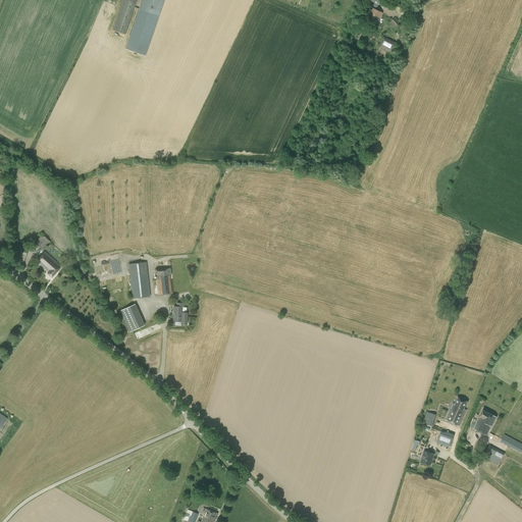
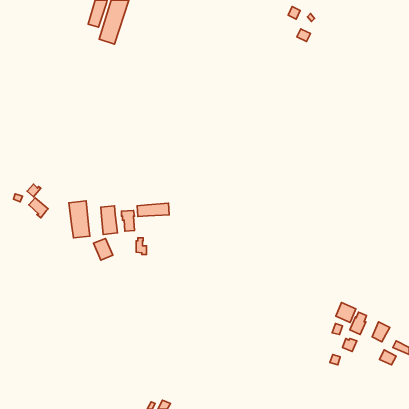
building: none -> [69,201,90,238]
building: none -> [137,203,169,217]
building: none -> [336,303,356,322]

